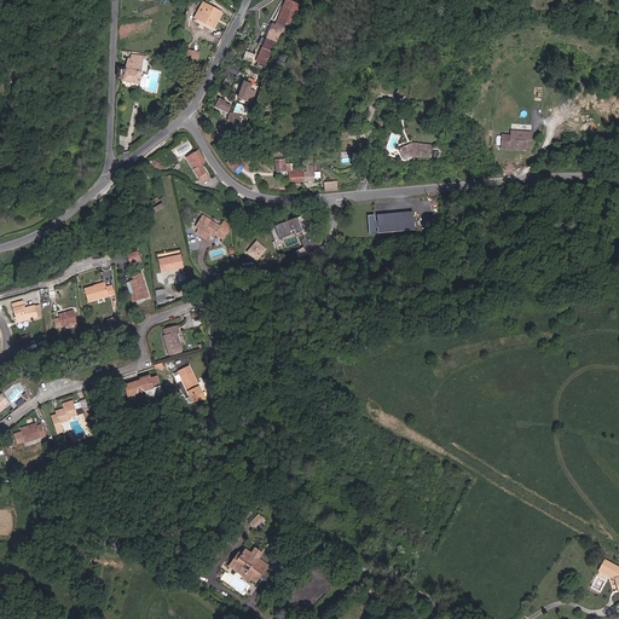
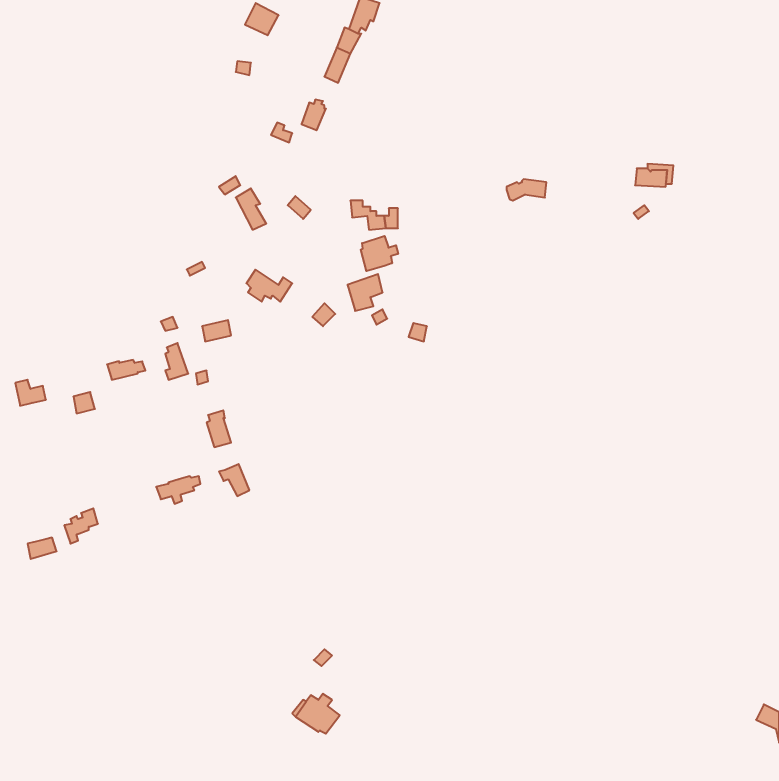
building: [118,52,144,82] -> none
building: none -> [361,236,398,271]
building: [369,210,416,232] -> none

